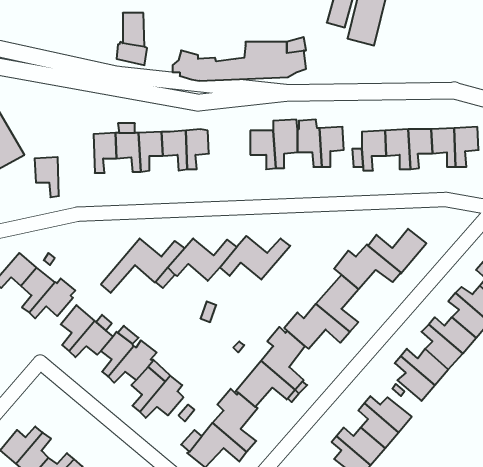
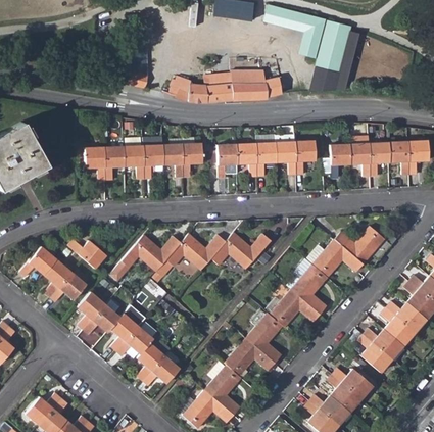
building: none -> [209,144,236,178]
building: [35,157,59,197] -> [85,147,105,181]
building: none -> [68,239,105,269]

